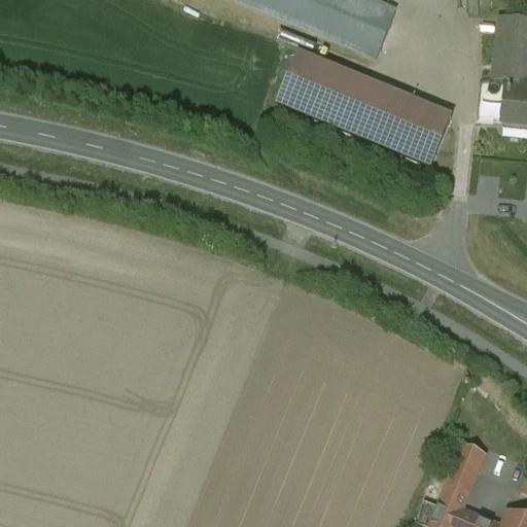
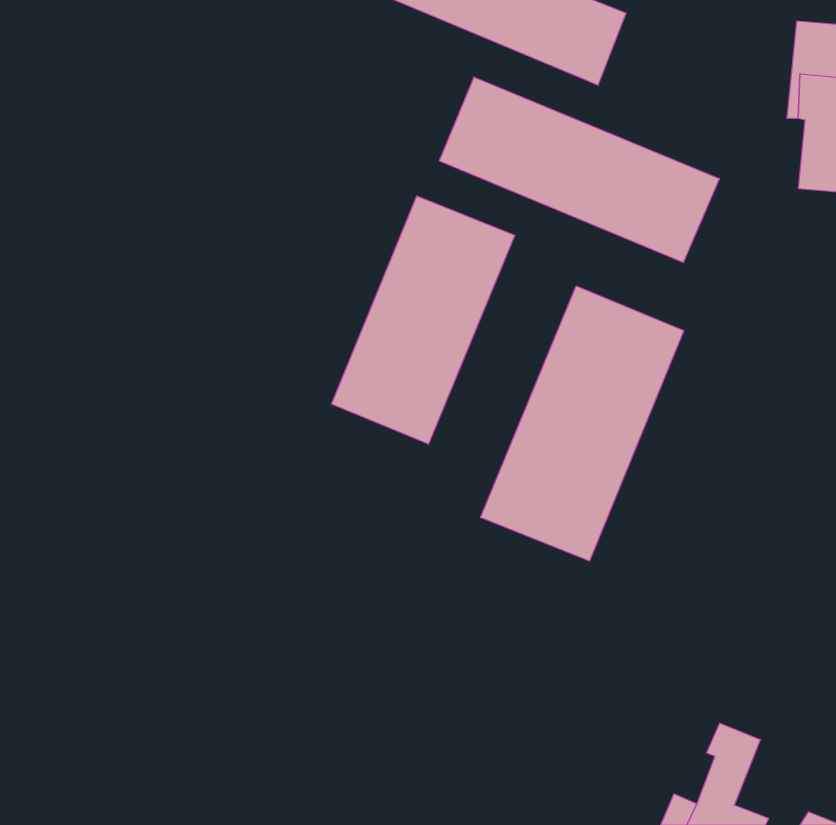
building: none -> [332,196,515,444]
building: none -> [481,286,684,561]

